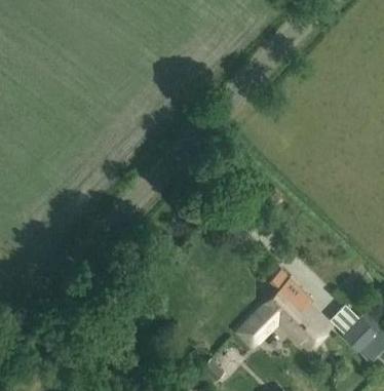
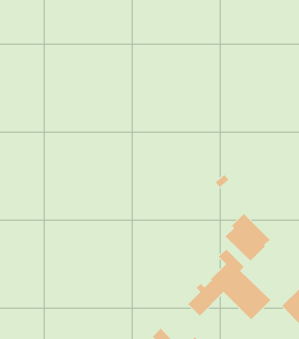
building: none -> [225,213,271,261]

